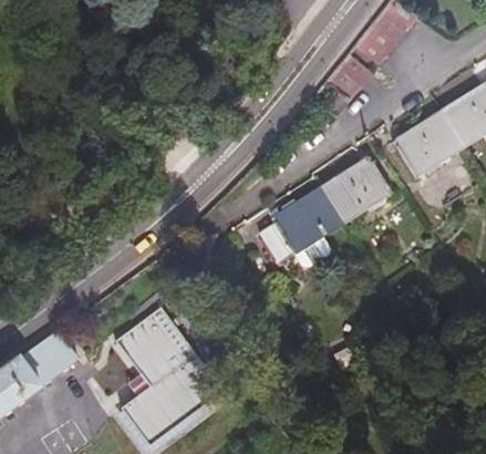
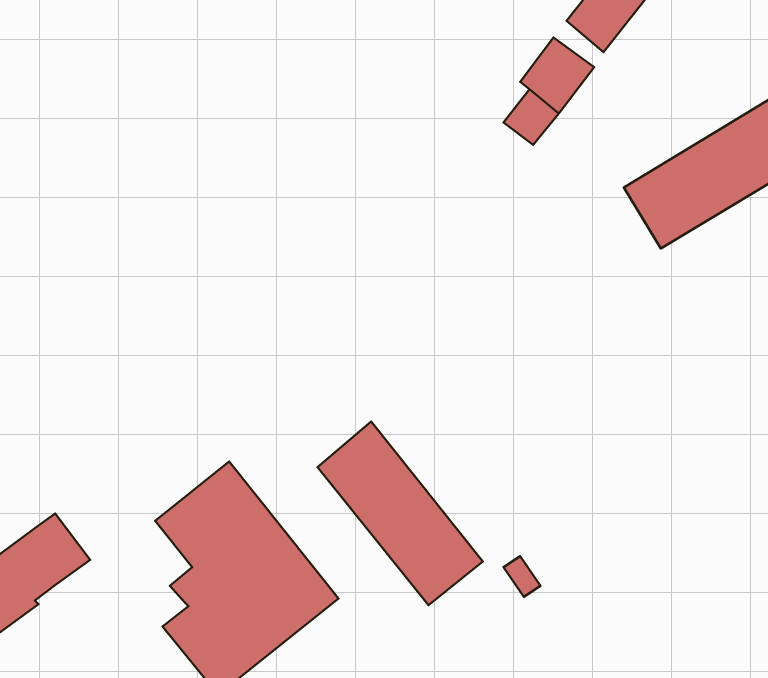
building: [259,154,393,268] -> none
building: none -> [317,421,483,605]

